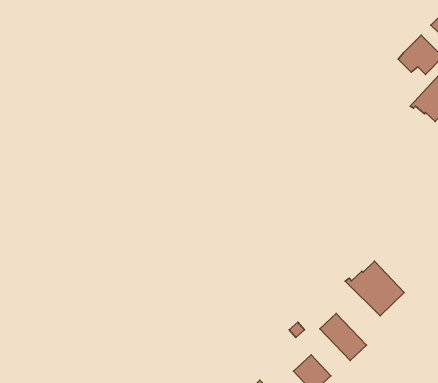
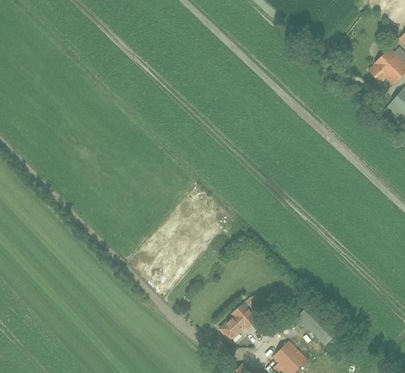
building: [345,261,404,316] -> none
building: none -> [219,303,257,340]

